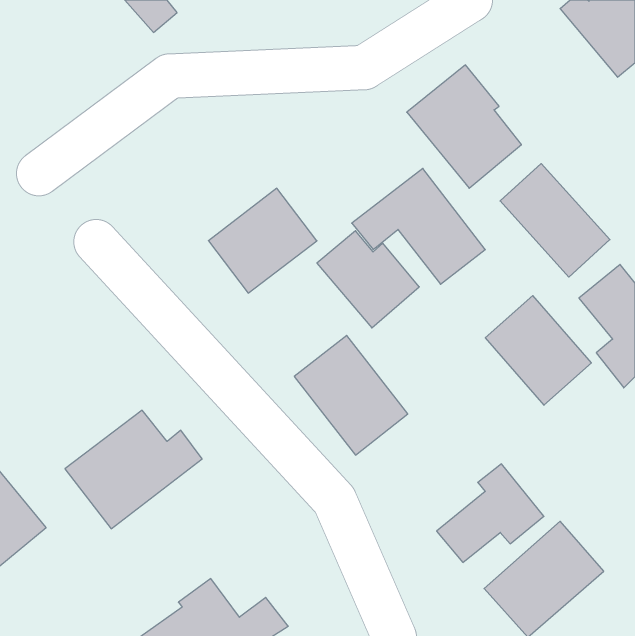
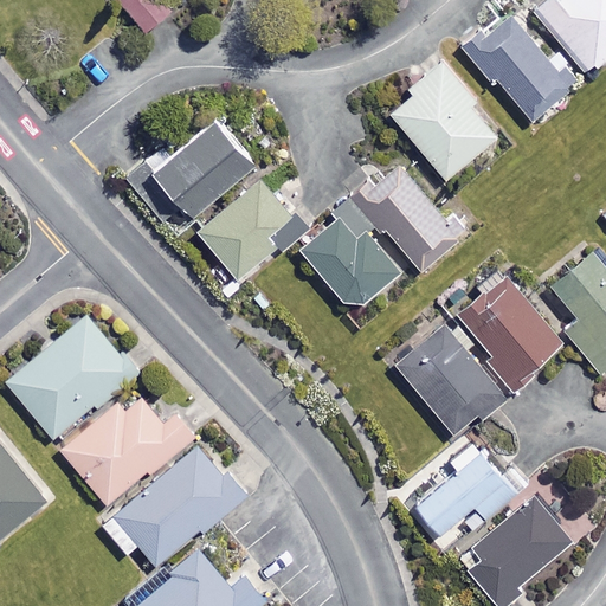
building: none -> [127,120,256,219]
building: [500,164,610,277] -> [466,15,570,123]
building: none -> [7,317,133,438]
building: [294,335,408,455] -> [393,324,501,438]
building: none -> [102,445,243,565]

